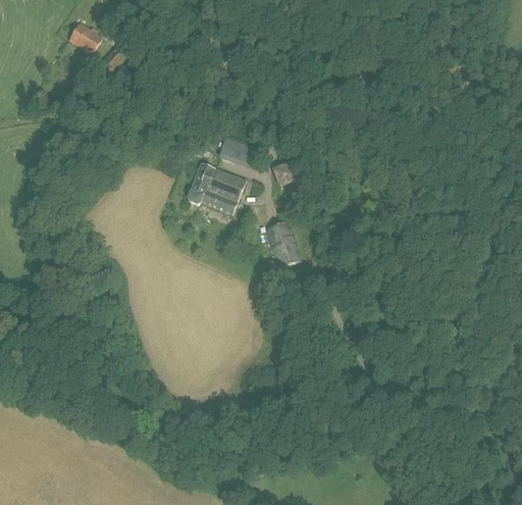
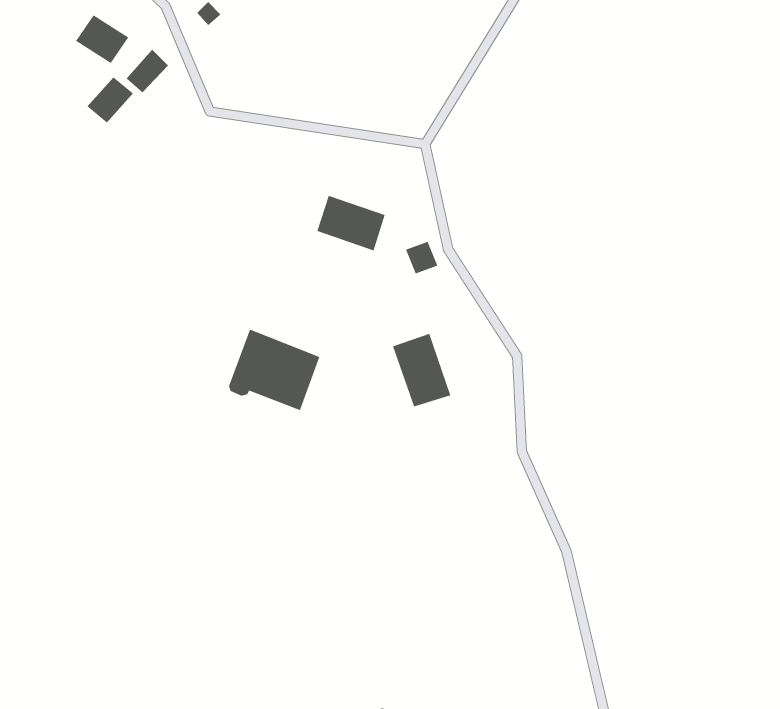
building: none -> [87,77,134,123]
building: [188,161,245,212] -> [228,329,320,411]

